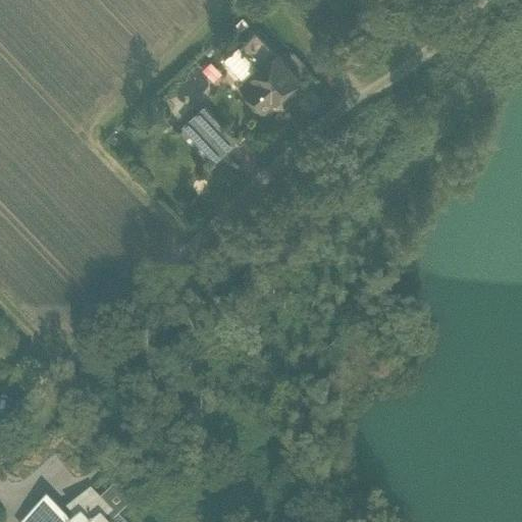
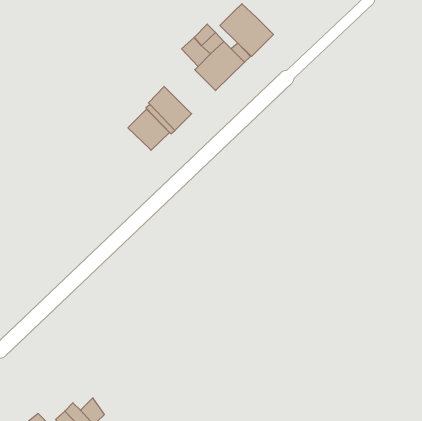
building: none -> [220,4,273,56]
building: none -> [128,109,170,150]

